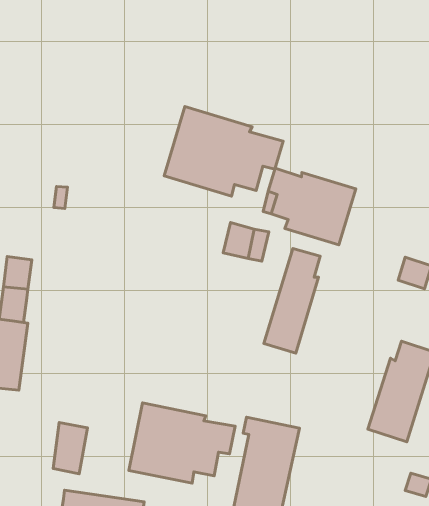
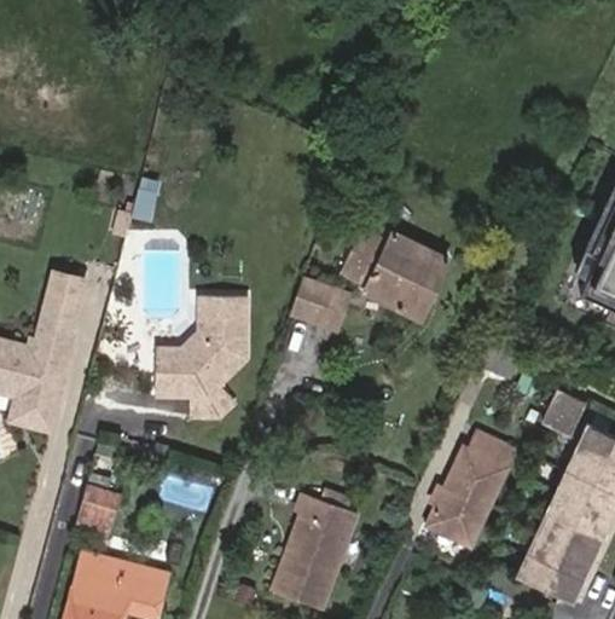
building: [164,107,283,196] -> none
building: [264,248,320,353] -> none
building: none -> [158,300,244,421]
building: [129,403,235,483] -> none

